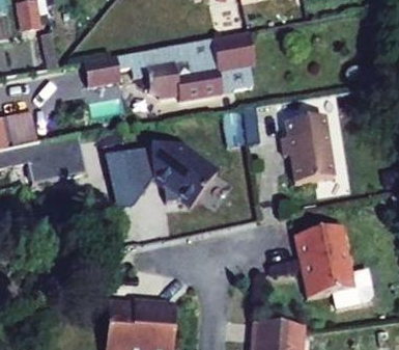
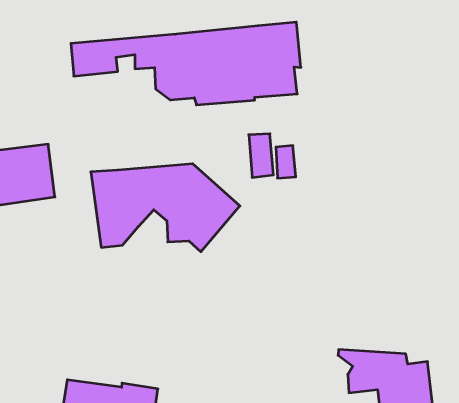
building: [283,114,335,184] -> none
building: [295,226,352,268] -> none

